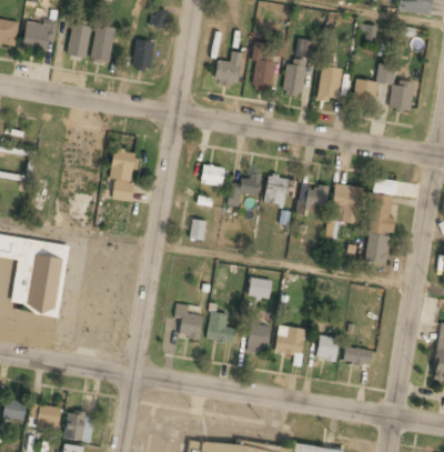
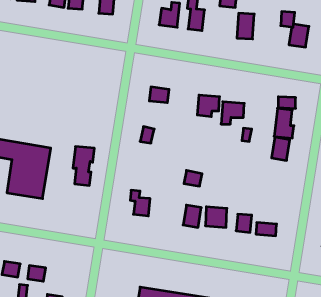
building: [283,61,306,96] -> none
building: [353,79,379,104] -> none
building: [110,150,139,202] -> [73,147,94,185]
building: [230,175,261,199] -> none
building: [333,184,362,224] -> none
building: [208,312,235,343] -> none
building: [64,412,94,442] -> none

